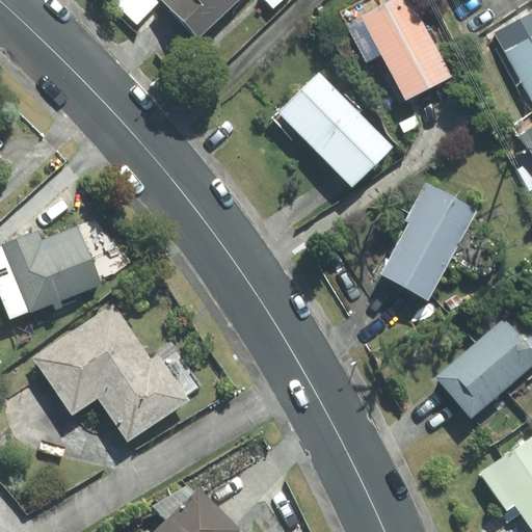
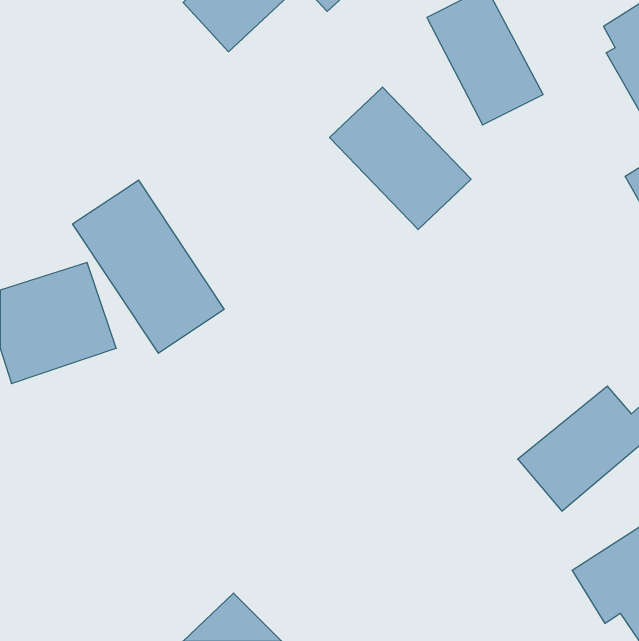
building: none -> [73,180,224,353]
building: [377,181,479,303] -> none
building: [32,303,190,444] -> none

